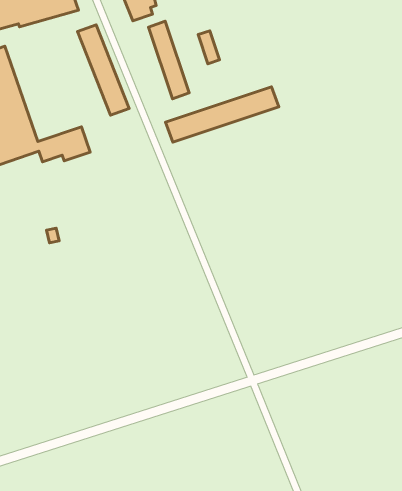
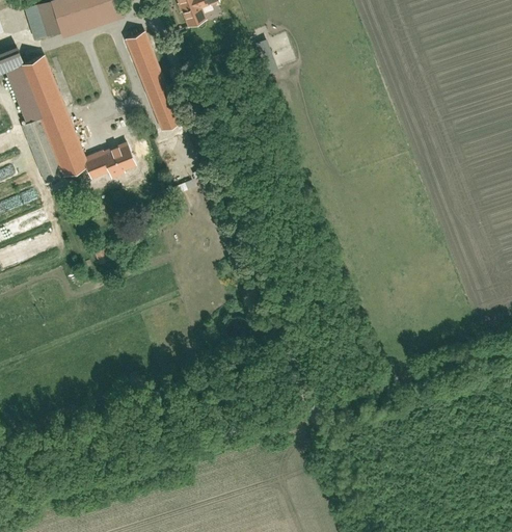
building: [149,21,189,99] -> none
building: [165,87,279,142] -> none

